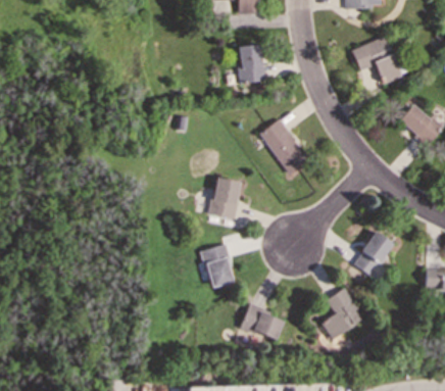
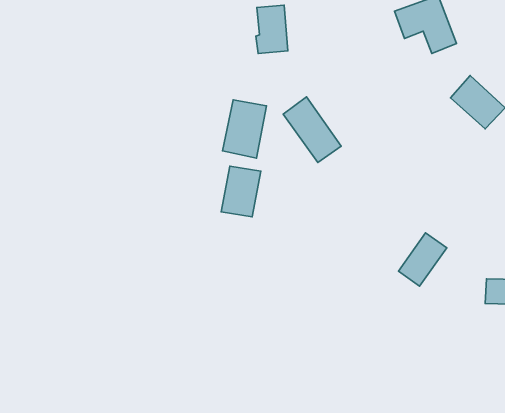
building: none -> [222,100,266,158]
building: [201,244,235,288] -> none
building: [322,288,366,340] -> none
building: [240,304,285,341] -> none

